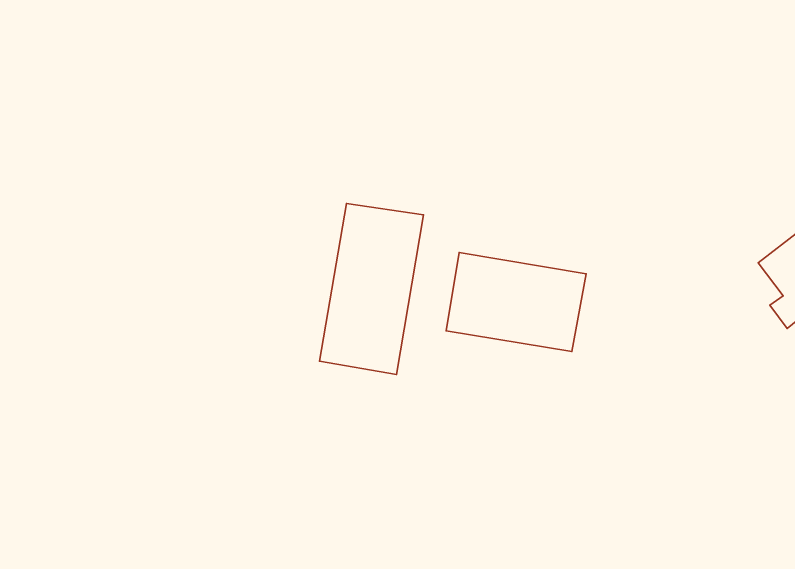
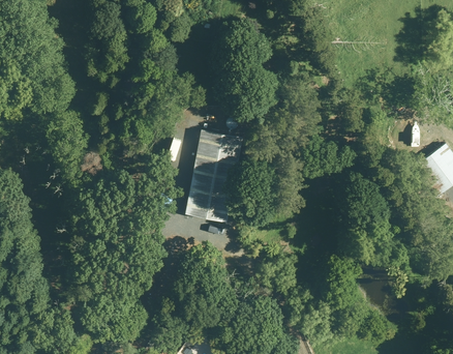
building: [446,252,586,352] -> none

